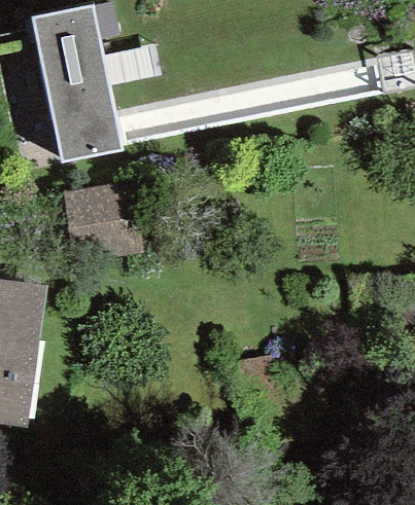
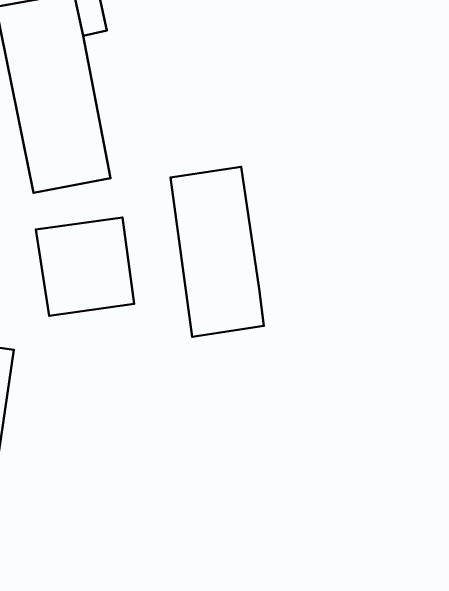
building: none -> [171,167,264,337]

